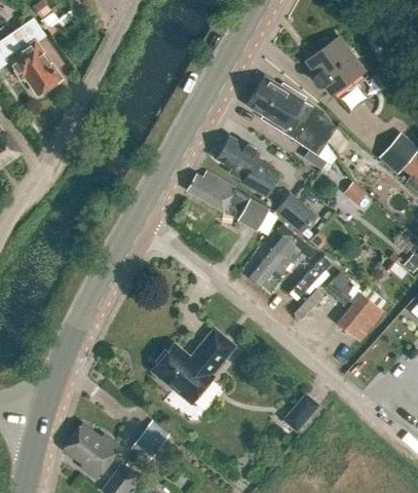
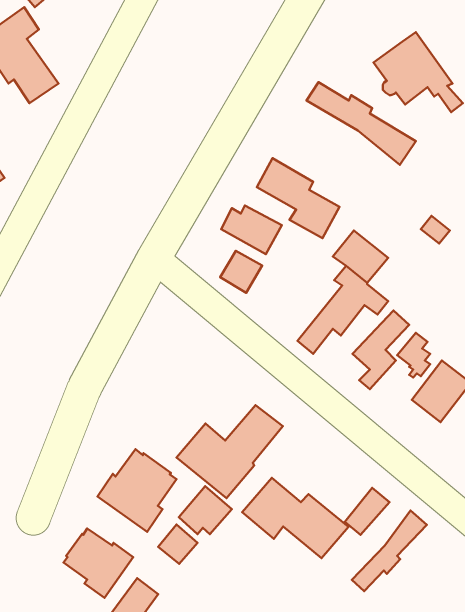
building: [246,90,328,169] -> none
building: [235,198,268,231] -> [220,251,262,293]
building: none -> [97,449,177,532]
building: none -> [242,478,348,558]
building: none -> [179,486,232,534]
building: none -> [352,510,427,591]

